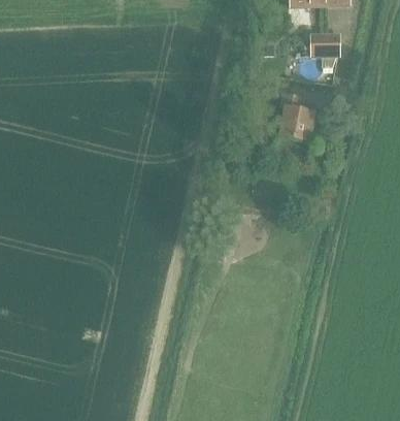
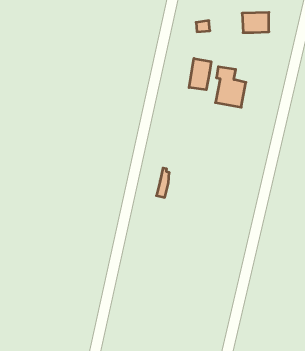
building: none -> [189,58,211,90]

